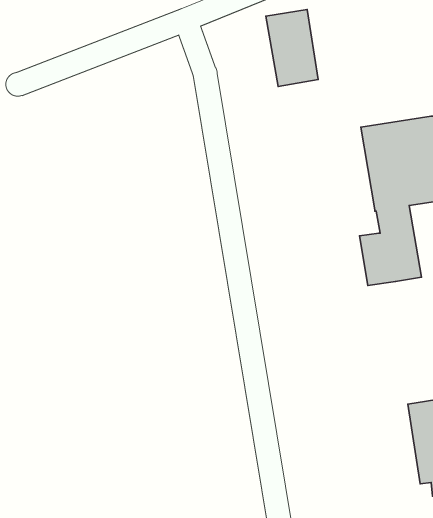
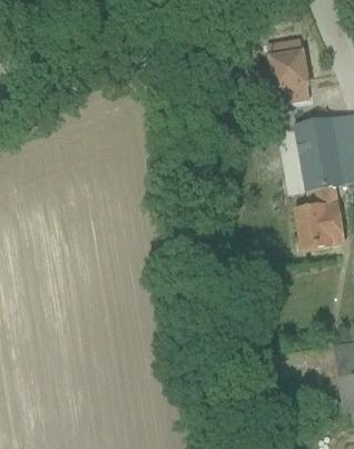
building: [266,9,318,86] -> [267,40,309,103]

